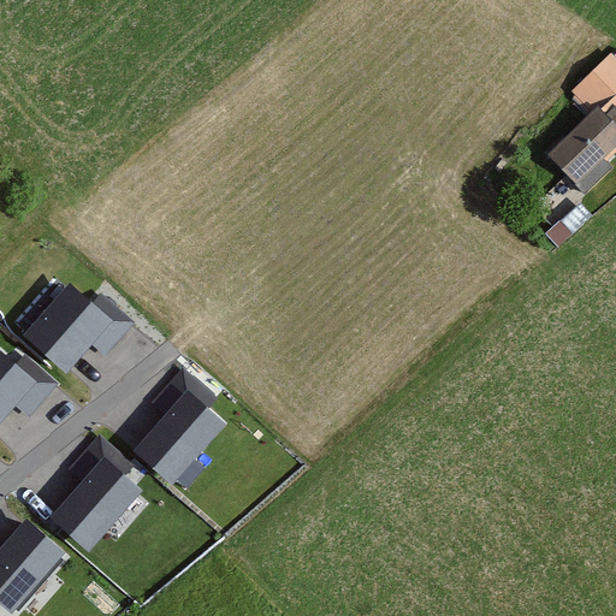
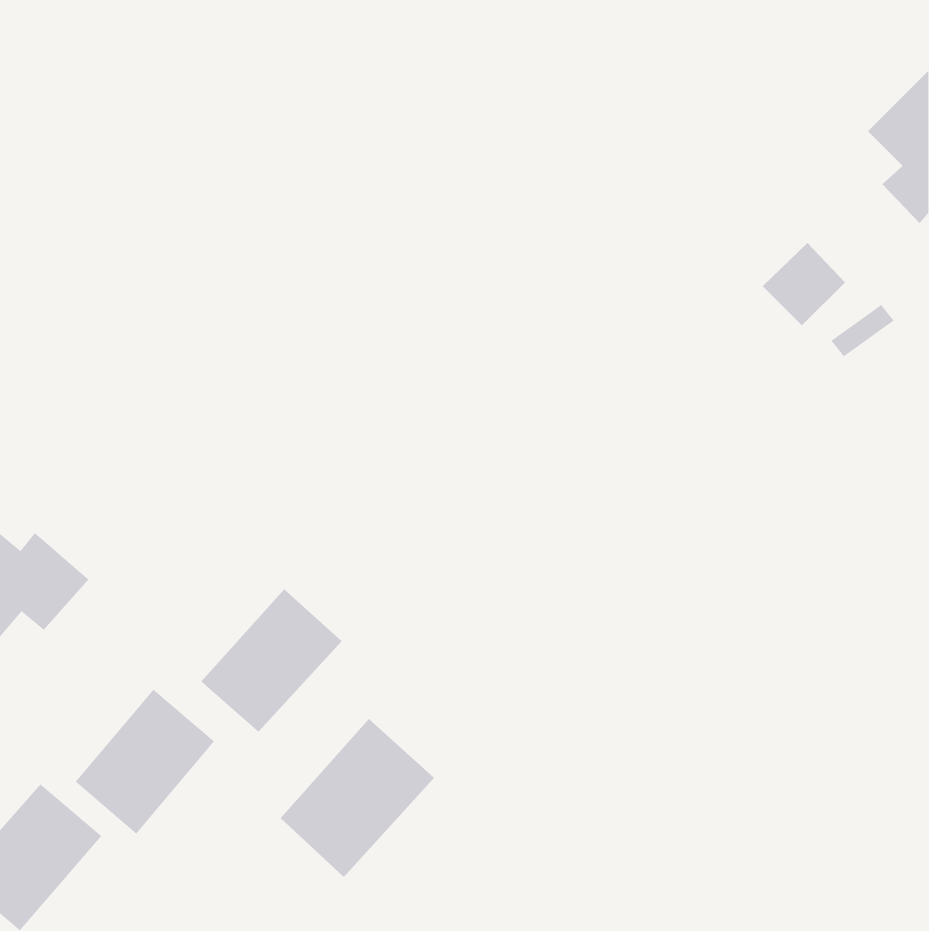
building: [552,122,608,177] -> [762,242,846,326]
building: [24,284,136,371] -> none
building: none -> [280,718,435,878]

